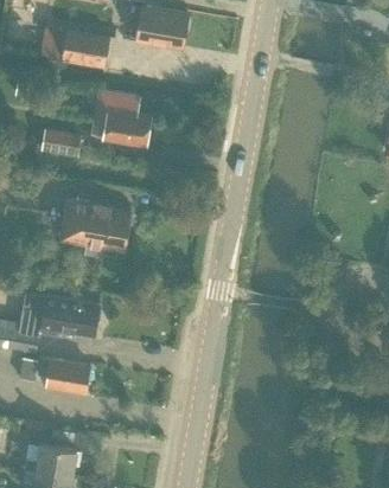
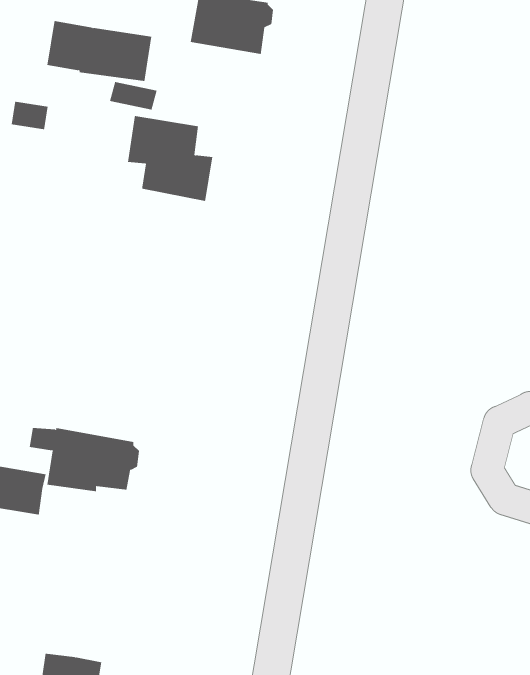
building: [42,129,82,155] -> none
building: [59,199,135,256] -> none
building: [19,358,91,393] -> none

